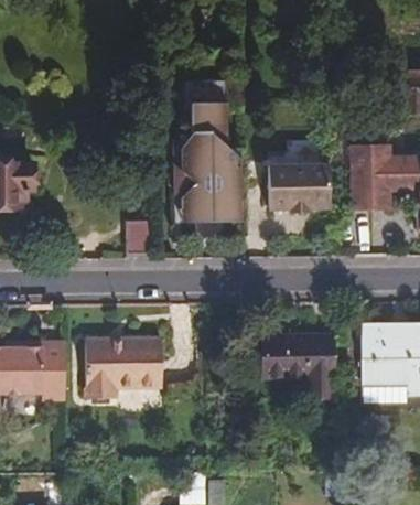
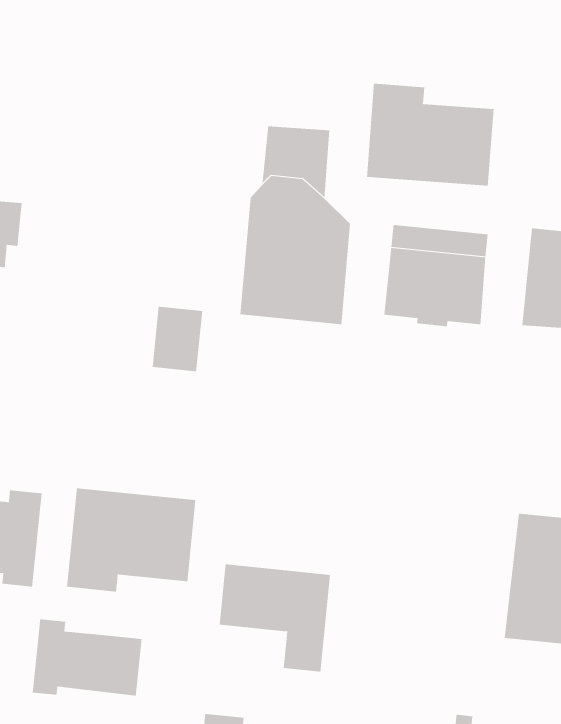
building: none -> [366,83,494,187]
building: [268,337,335,399] -> [219,564,331,672]
building: none -> [32,618,142,697]

